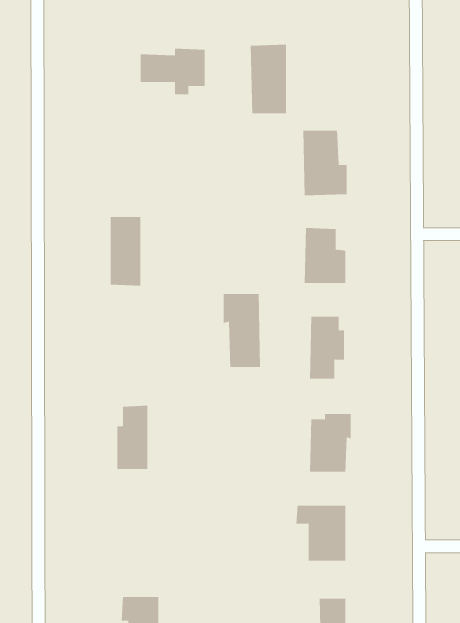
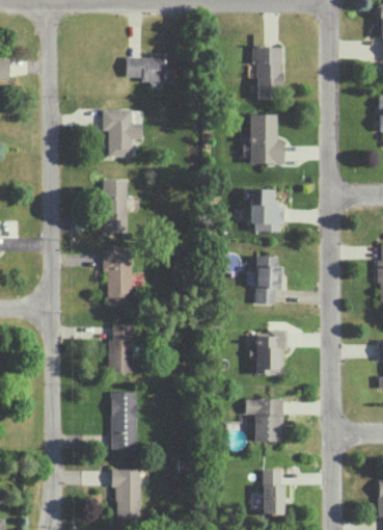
building: [250,44,287,114] -> [254,46,282,99]
building: none -> [103,109,141,156]
building: [223,294,261,367] -> [103,248,132,304]
building: none -> [111,391,137,449]

